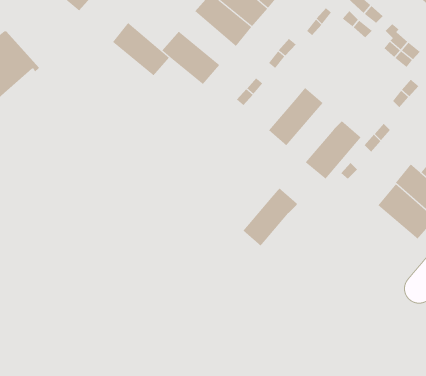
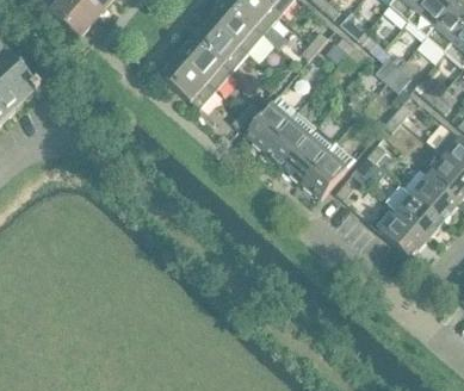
building: [112,22,170,76] -> [177,36,233,88]
building: none -> [243,93,299,151]
building: [242,188,298,247] -> [282,125,335,182]

